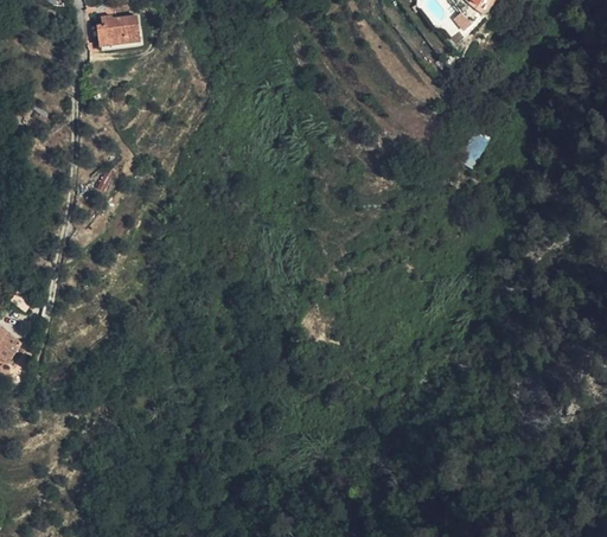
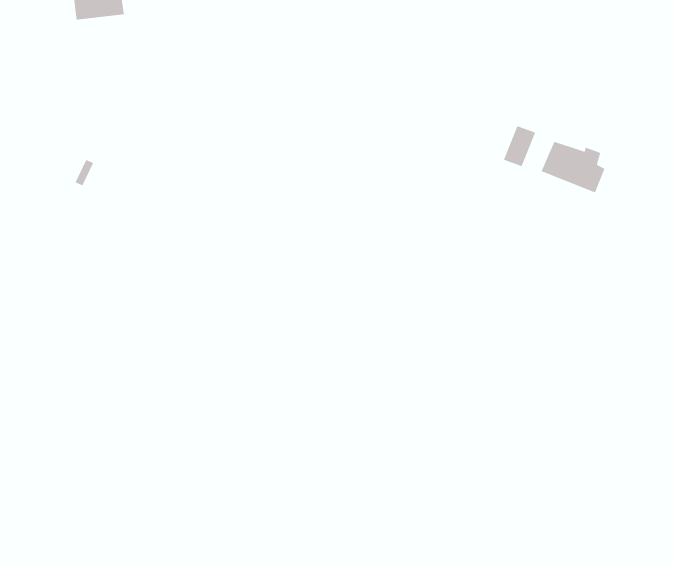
building: none -> [541,141,605,193]

